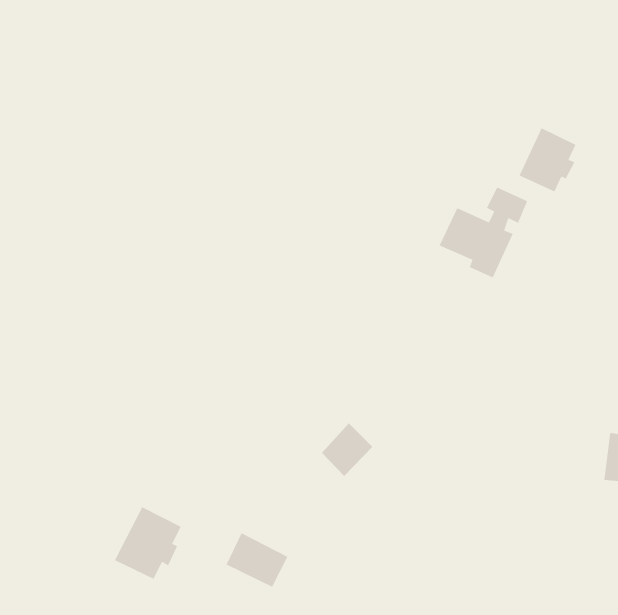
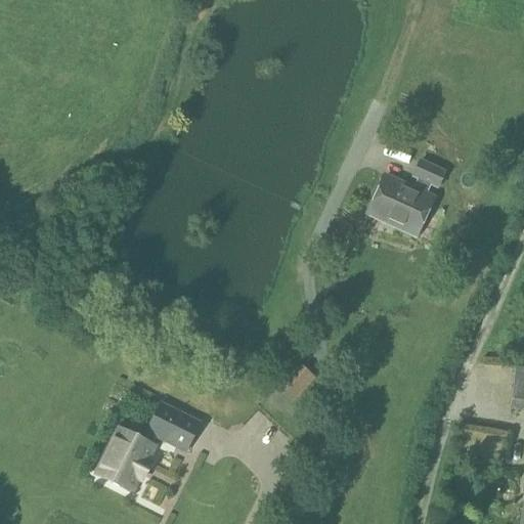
building: [518,127,577,193] -> none
building: [225,532,288,588] -> [147,402,201,449]

